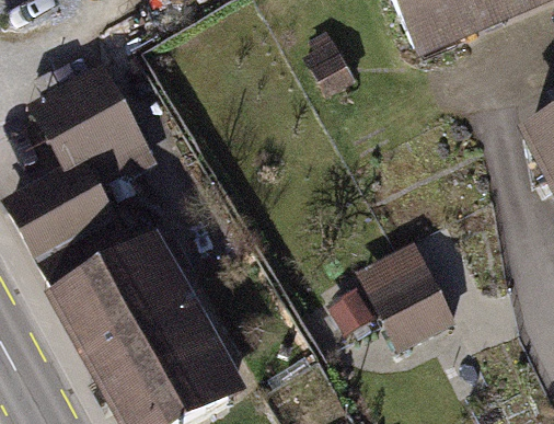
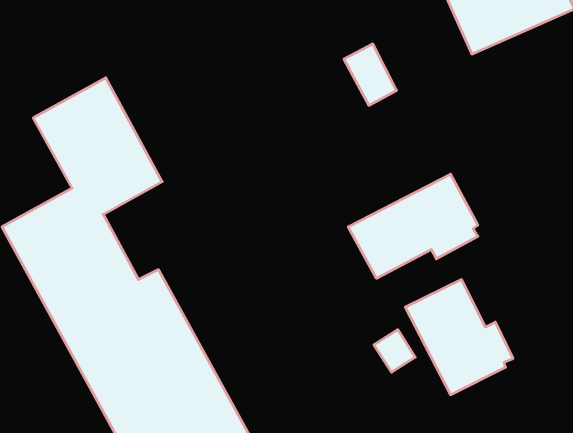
building: none -> [348,174,478,278]

